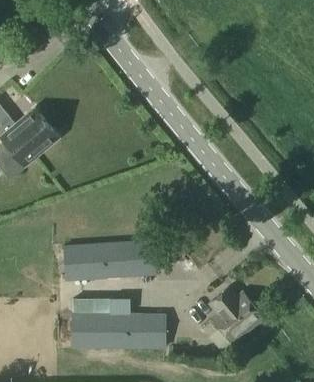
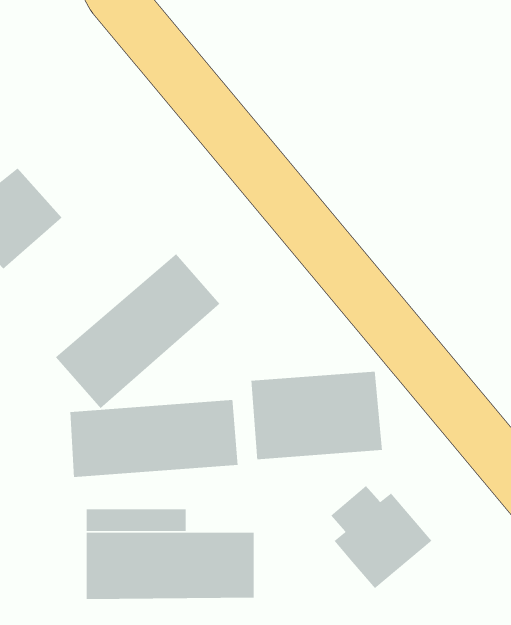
building: none -> [55,253,221,409]
building: none -> [251,371,383,460]

